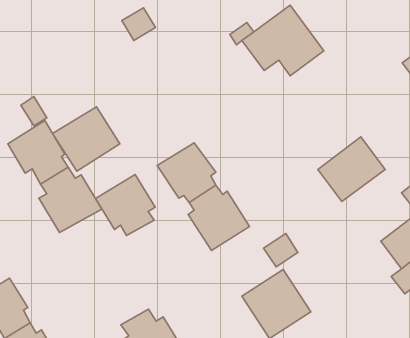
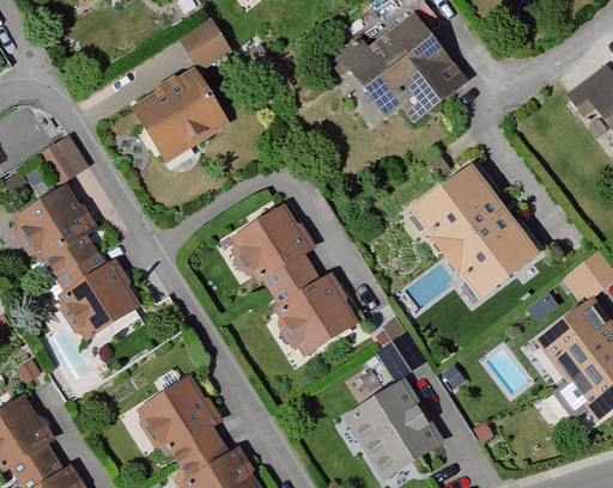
building: none -> [417,155,510,245]
building: [53,107,120,171] -> [129,71,223,160]
building: [95,174,155,236] -> [134,376,217,460]

